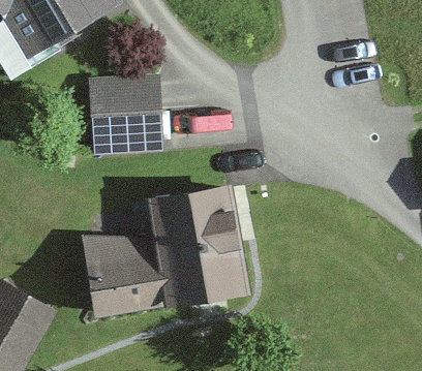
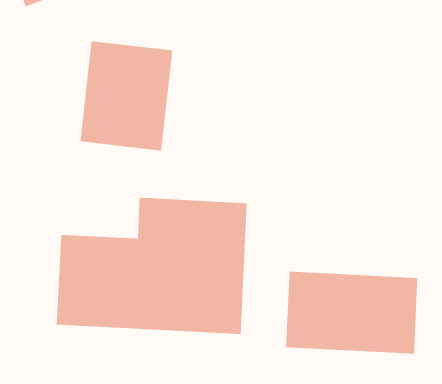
building: none -> [285,271,418,355]

